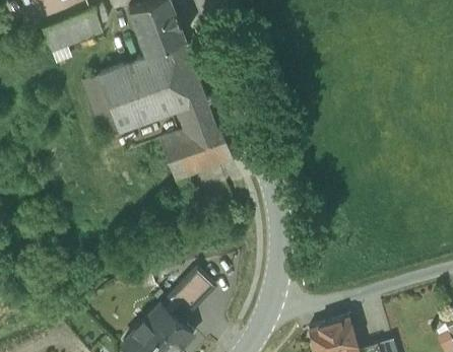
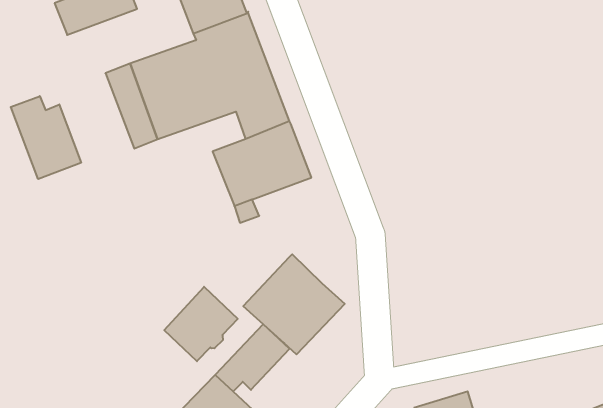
building: none -> [11,96,81,179]
building: none -> [243,254,345,354]
building: none -> [164,287,238,361]

